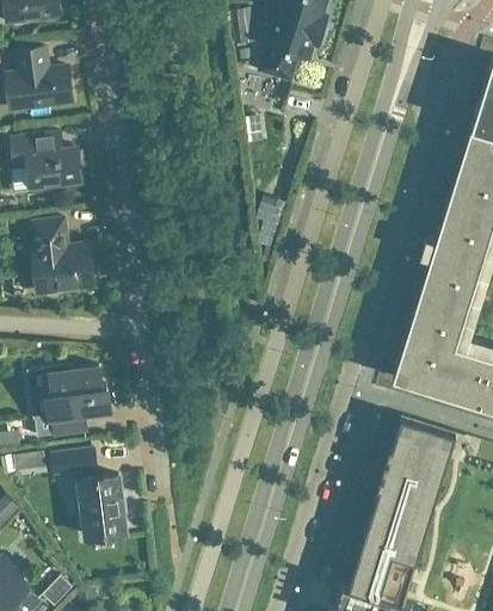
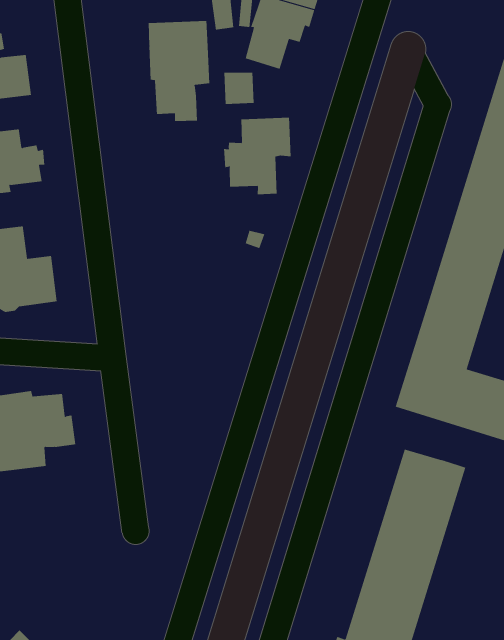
building: none -> [148,20,210,122]
building: none -> [223,117,291,195]
building: [53,450,125,538] -> none

